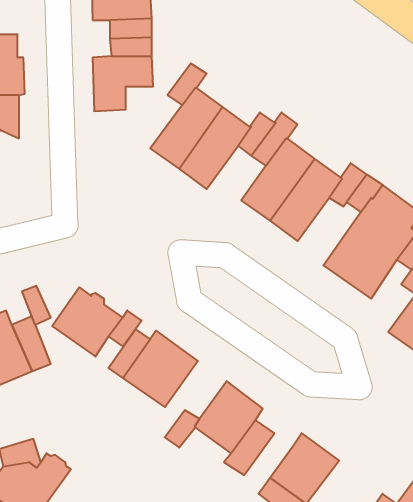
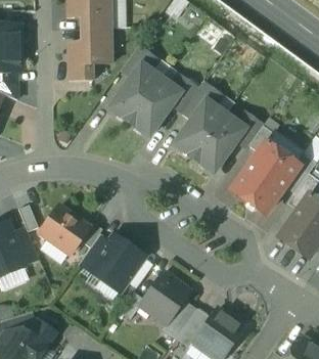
building: none -> [176,308,211,348]

